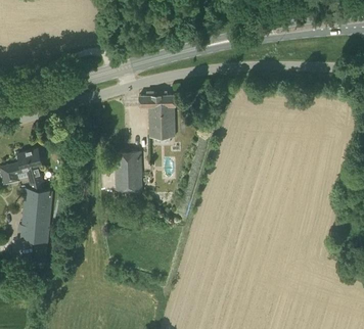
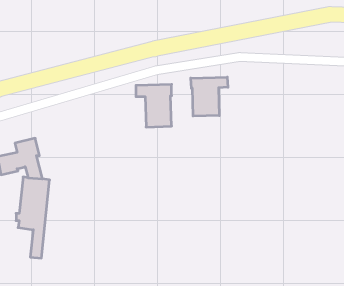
building: none -> [191,77,228,116]
building: [115,152,142,191] -> none

